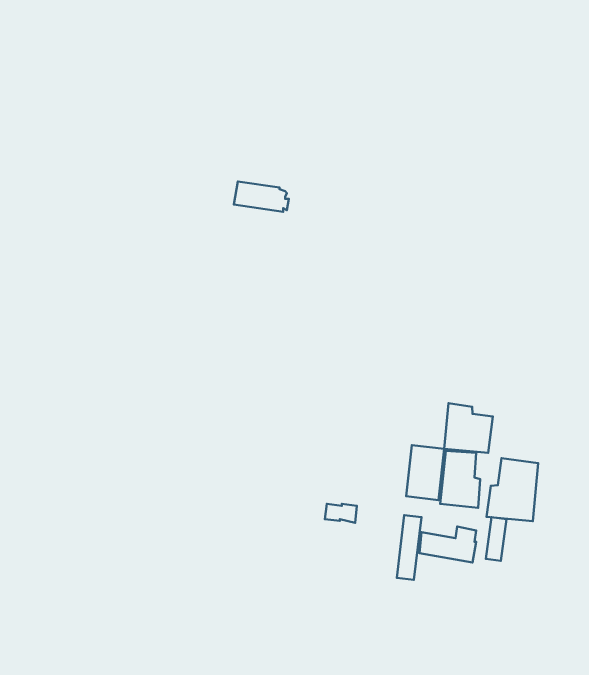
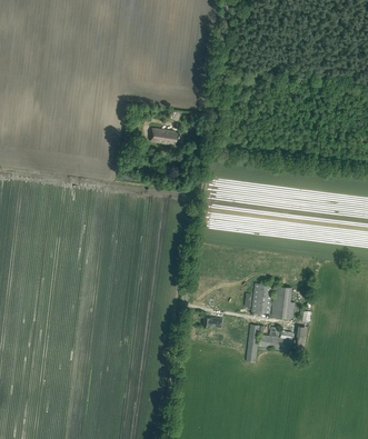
building: [444,403,493,453] -> none
building: [486,458,538,521] -> none

